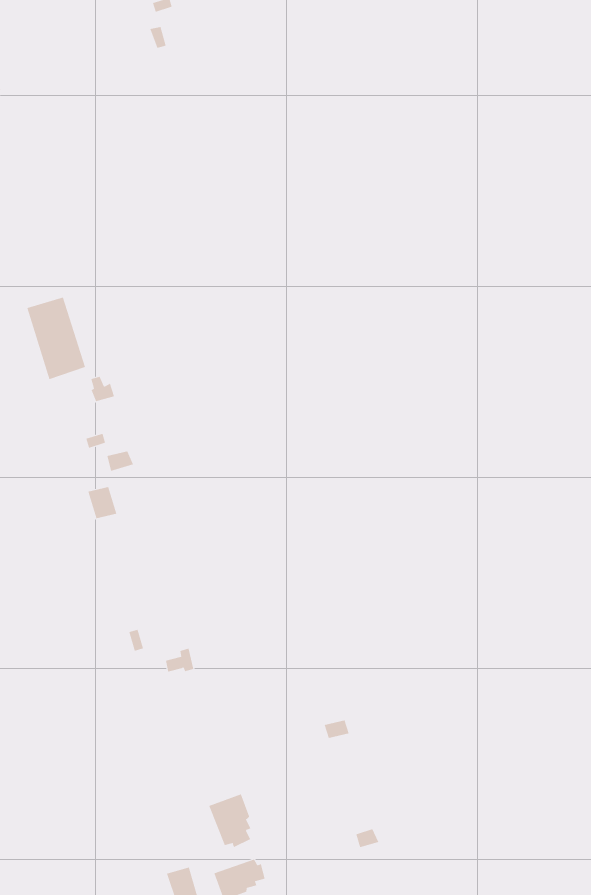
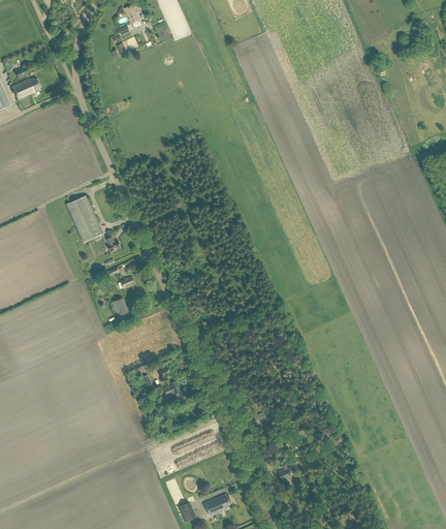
building: [209,793,251,848] -> none

